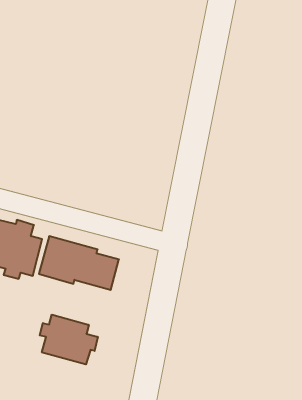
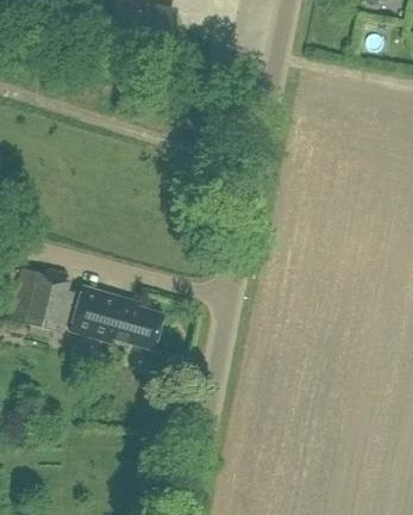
building: [40,315,98,364] -> none

